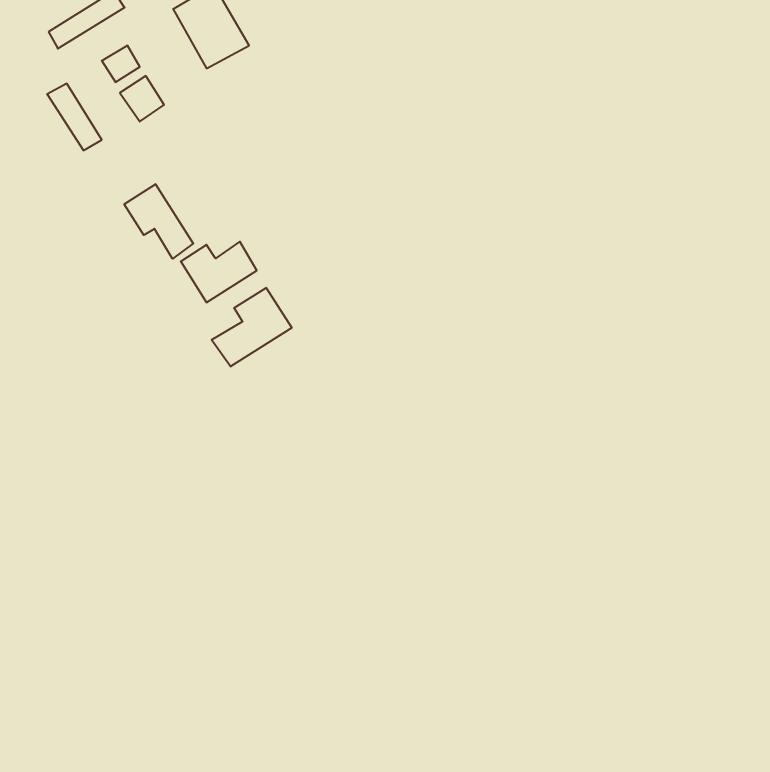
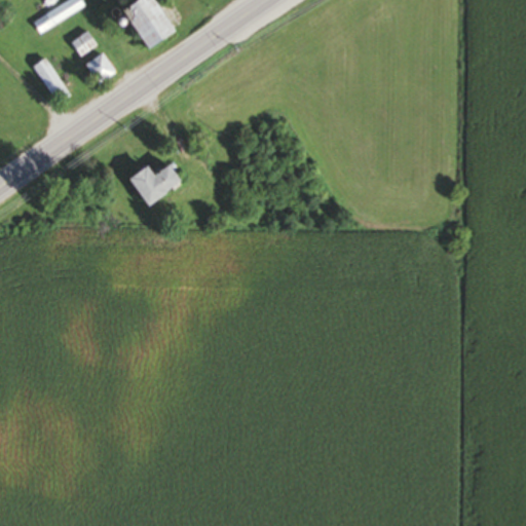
building: [124,184,193,259] -> none
building: [212,288,292,367] -> none

